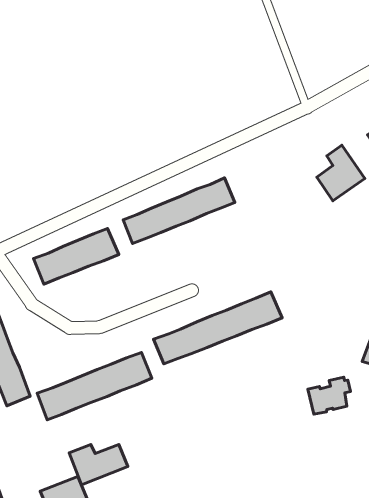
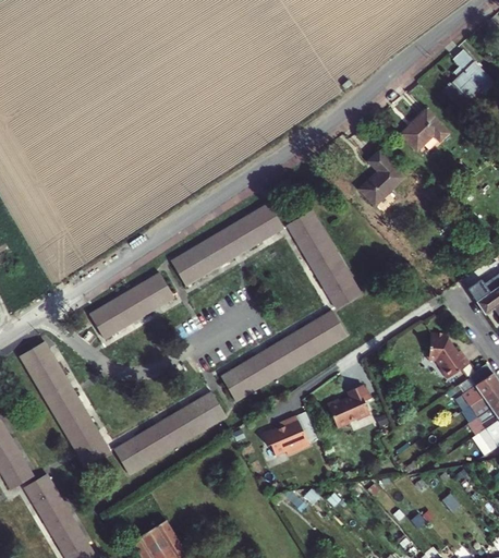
building: none -> [287,209,360,306]
building: [308,377,350,414] -> [331,390,374,432]
building: none -> [266,421,313,460]
building: [69,444,128,485] -> none

